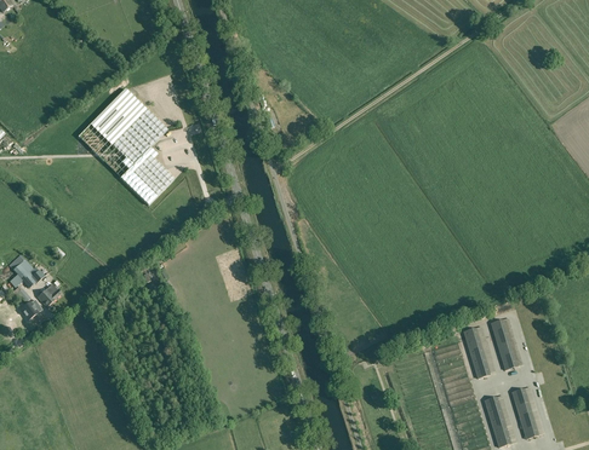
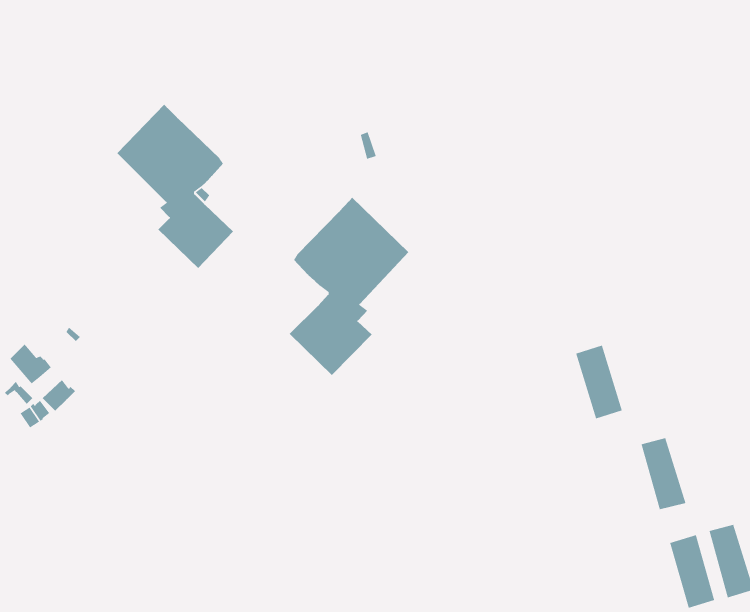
building: none -> [289,197,409,376]
building: [491,316,525,369] -> [575,345,623,419]

